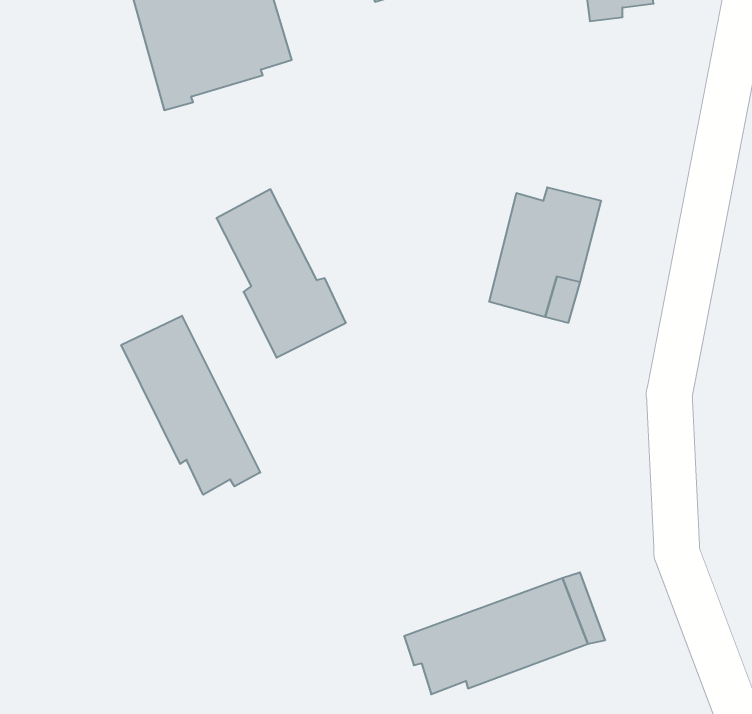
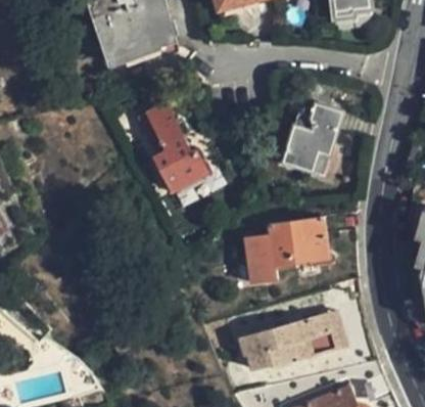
building: [121,316,260,495] -> none
building: none -> [242,216,330,287]

